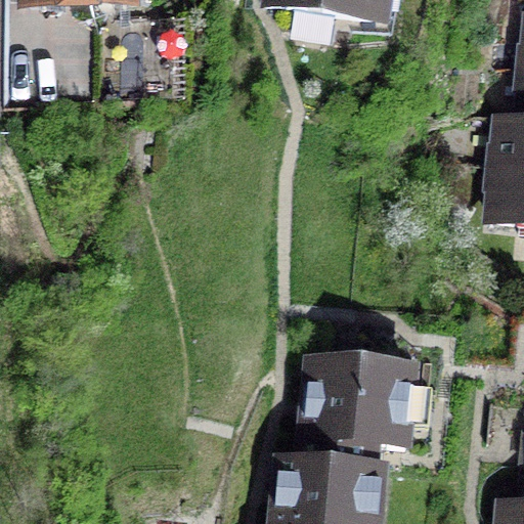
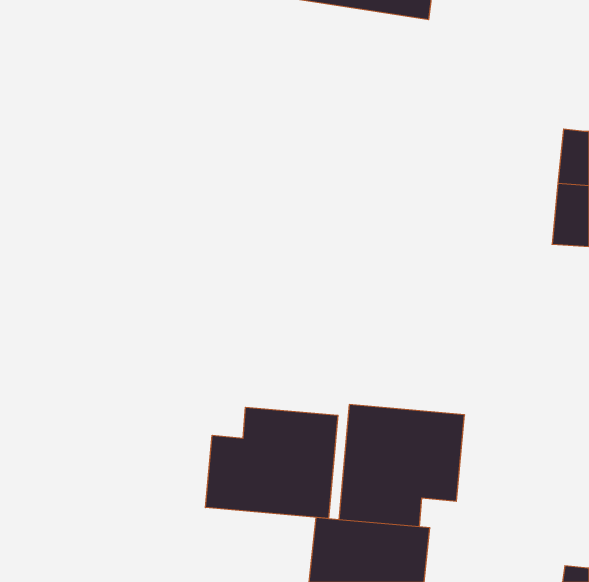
building: none -> [205,407,338,519]

